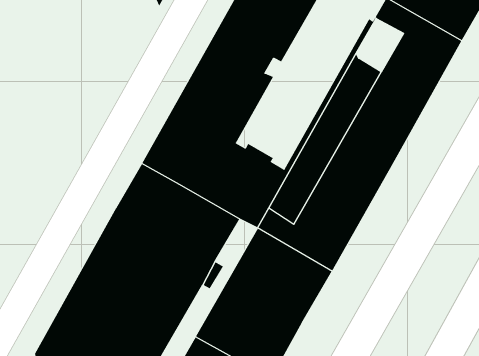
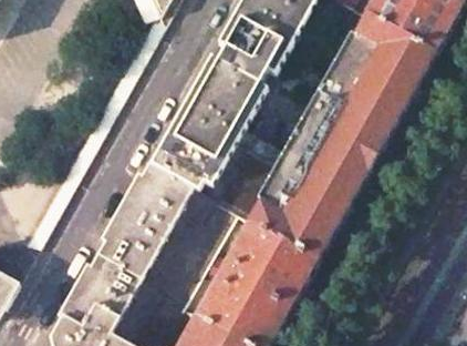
building: none -> [338,34,380,82]

